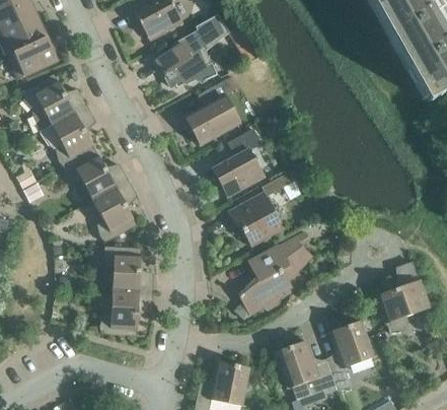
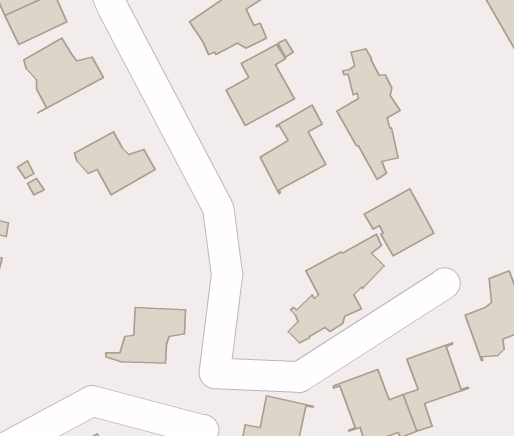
building: none -> [337,49,400,180]
building: [33,105,95,165] -> none
building: [92,179,137,242] -> none
building: [227,191,283,245] -> [364,189,434,256]
building: [102,246,153,291] -> none

